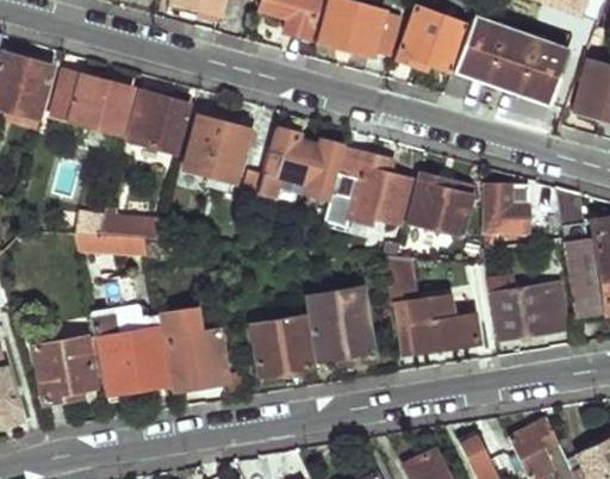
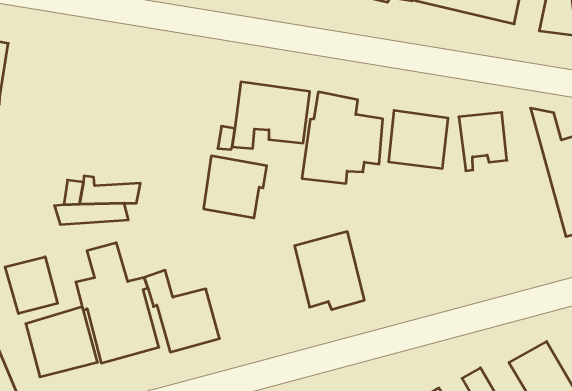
building: [51,73,130,136] -> none
building: [130,93,191,153] -> none
building: [185,116,251,181] -> [204,156,267,218]
building: [387,254,478,353] -> none
building: [491,275,567,337] -> none
building: none -> [5,257,58,314]
building: [253,317,311,375] -> none

